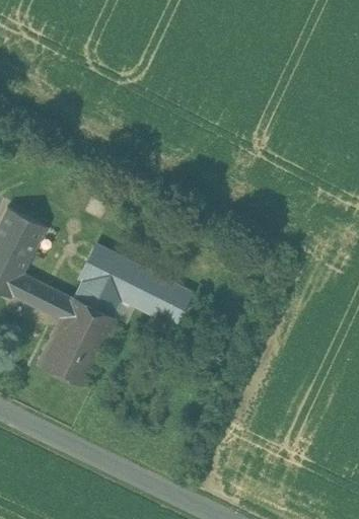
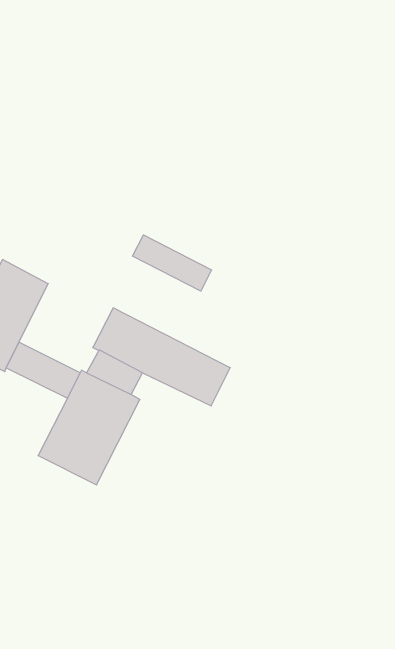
building: none -> [133,235,212,291]

